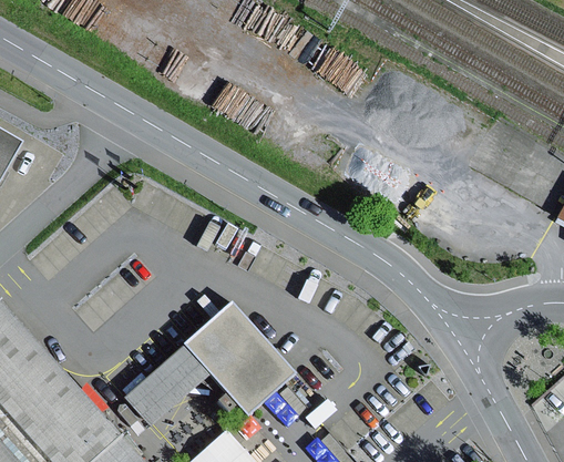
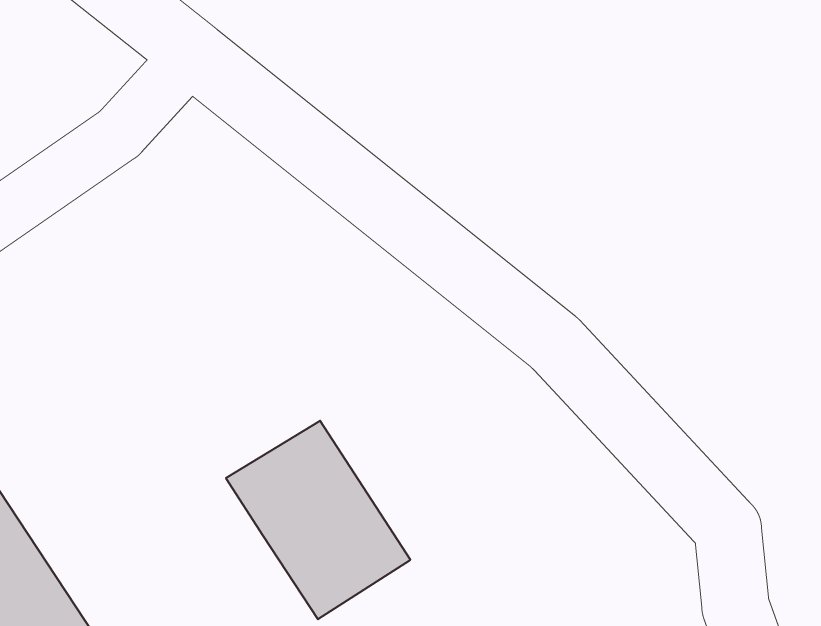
building: [124,343,209,427] -> none

